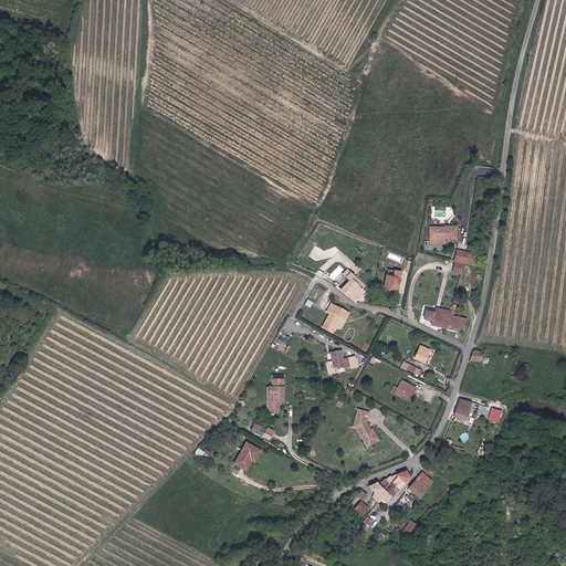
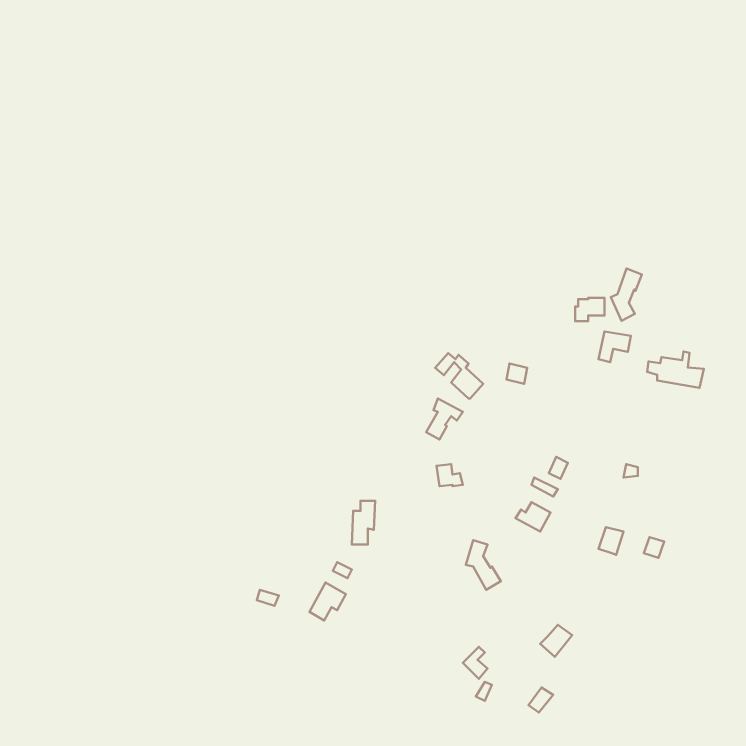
building: none -> [611,268,642,321]
building: [424,304,468,332] -> [647,351,704,388]
building: [368,469,411,502] -> none

